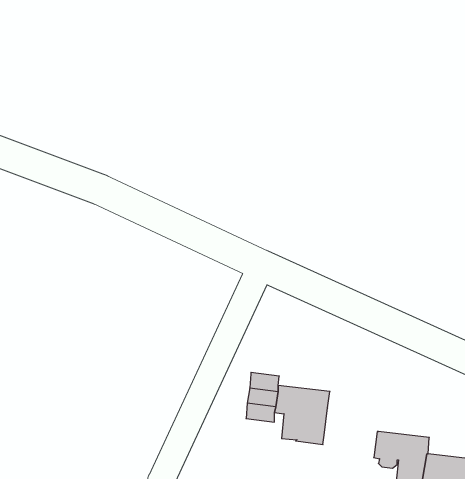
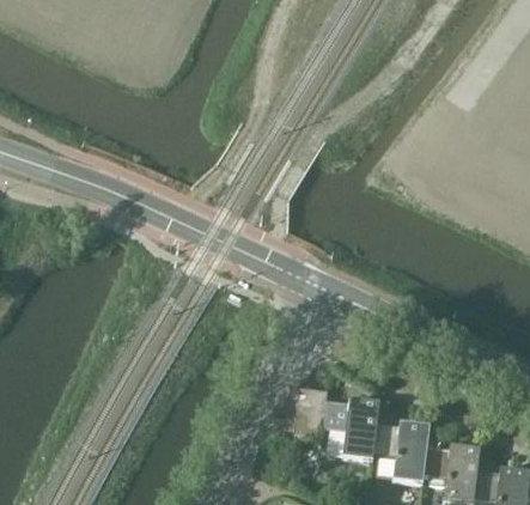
building: none -> [374,421,431,481]

